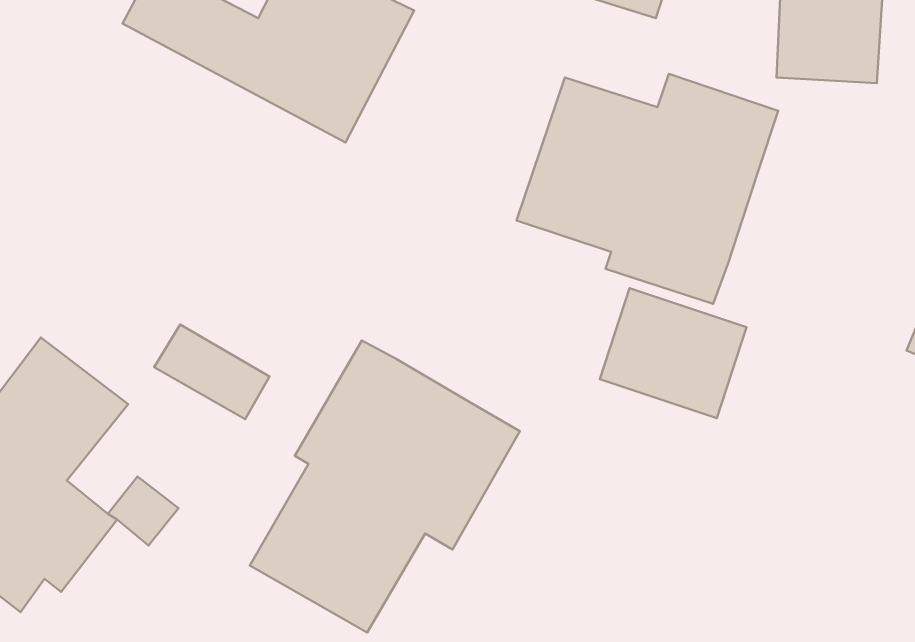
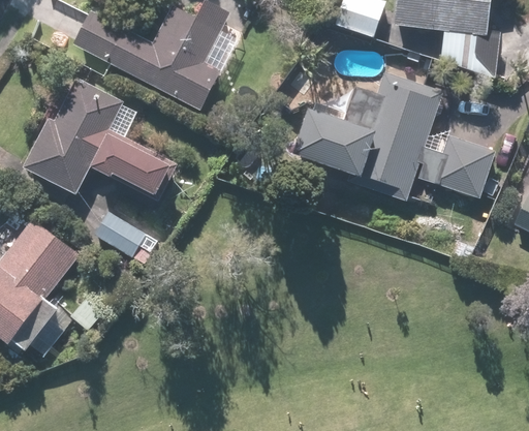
building: none -> [24,73,175,201]
building: [600,288,747,418] -> [413,127,495,199]
building: [250,341,520,632] -> none

